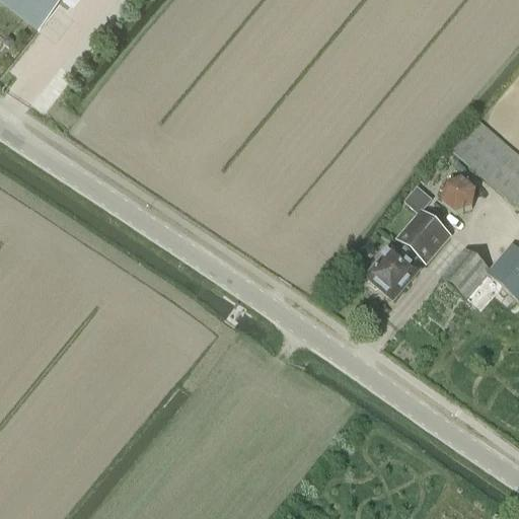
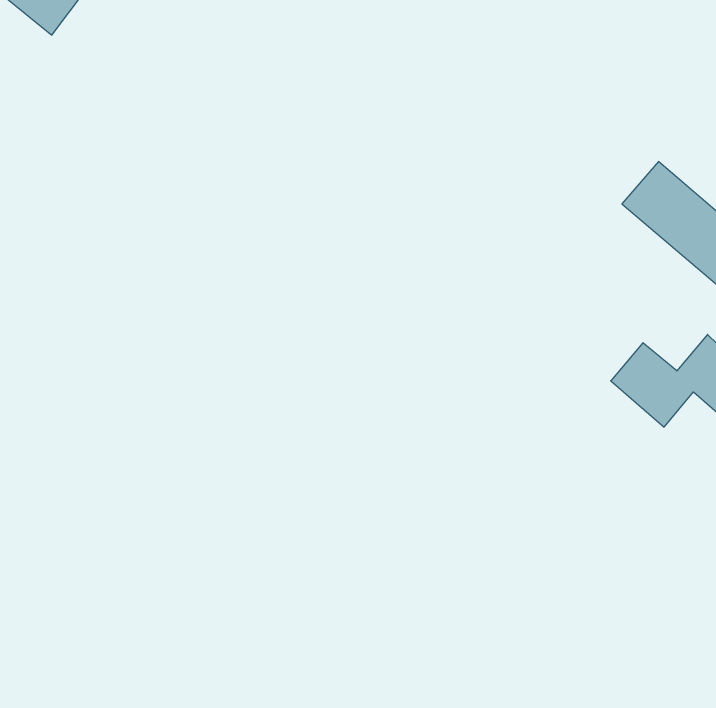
building: [443,175,476,211] -> none
building: [367,183,450,297] -> none

